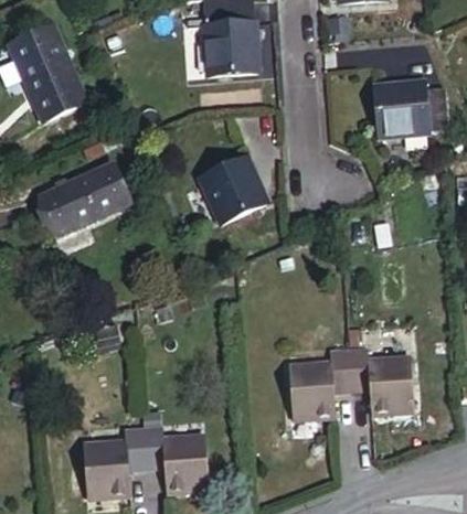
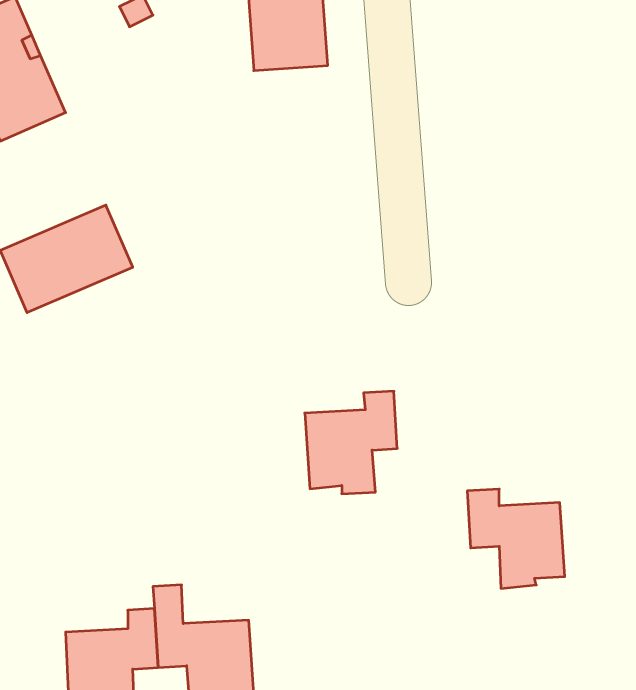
building: [373,83,447,137] -> none
building: [201,158,265,222] -> none
building: [289,351,350,418] -> [305,391,397,494]

